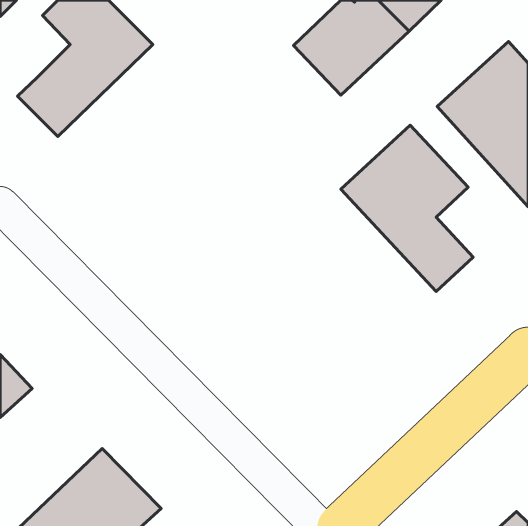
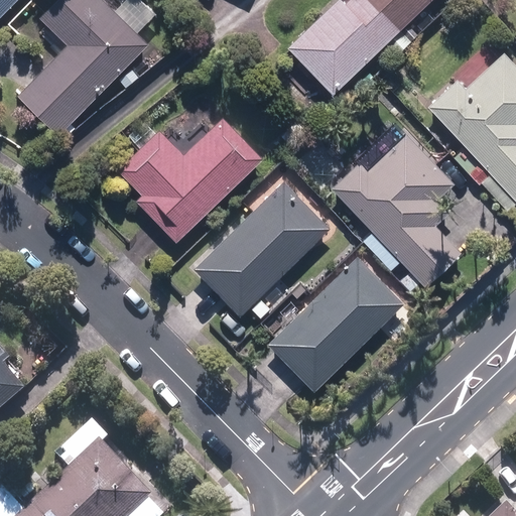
building: none -> [116,117,263,242]
building: none -> [192,180,330,316]
building: none -> [269,256,404,391]

